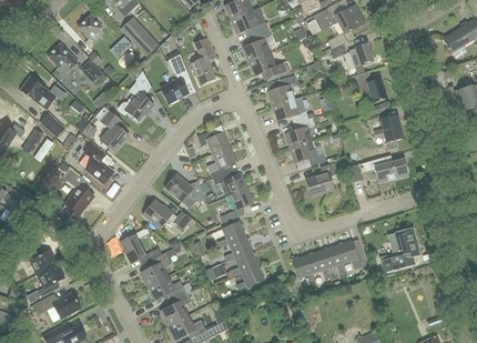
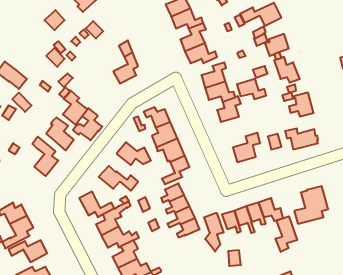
building: [191,37,215,84] -> none
building: [48,43,78,74] -> none
building: [118,81,153,120] -> [73,108,102,140]
building: [291,142,326,167] -> [237,79,266,99]
building: none -> [204,213,224,252]
building: none -> [275,216,297,252]

